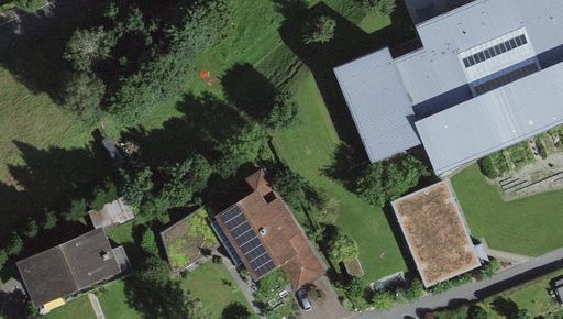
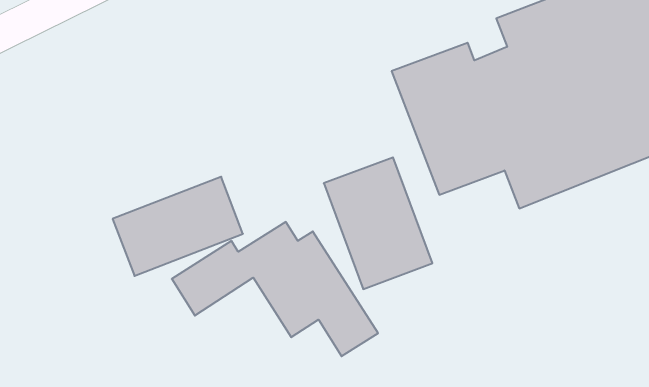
building: [387,183,475,289] -> [324,157,432,289]
building: [24,229,130,309] -> [113,177,243,276]

